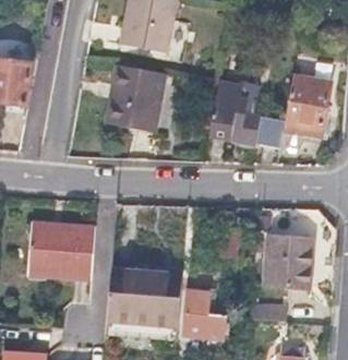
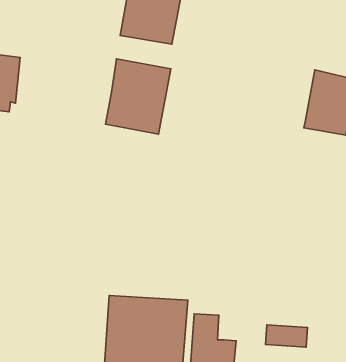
building: [209,80,285,145] -> none
building: [29,223,97,276] -> none
building: [265,235,311,286] -> none

